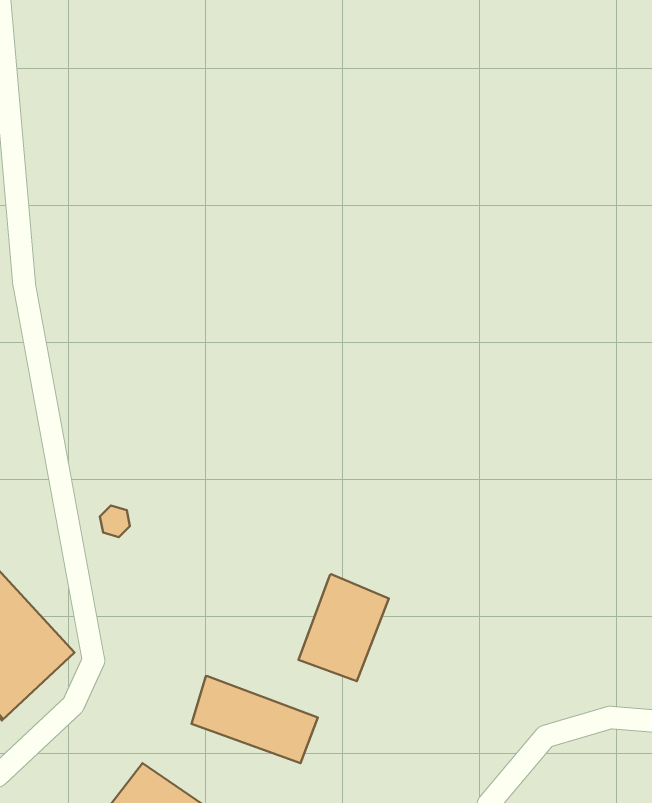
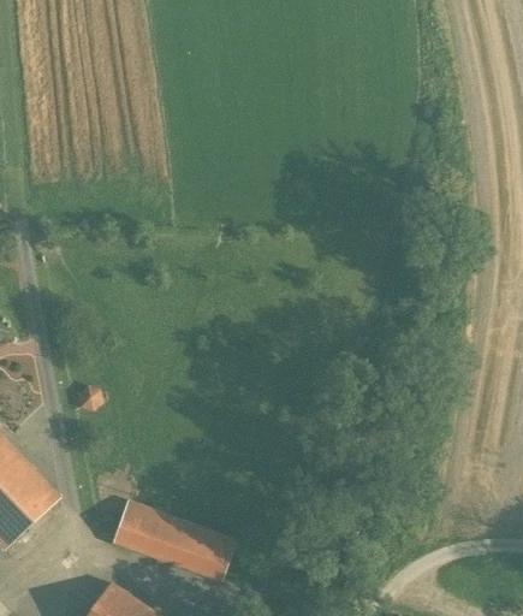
building: [299,574,389,681] -> none
building: none -> [113,503,160,552]

